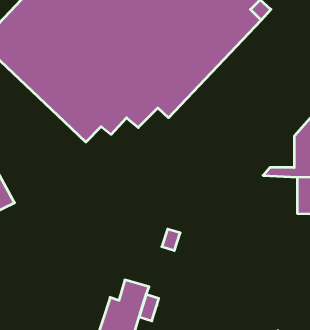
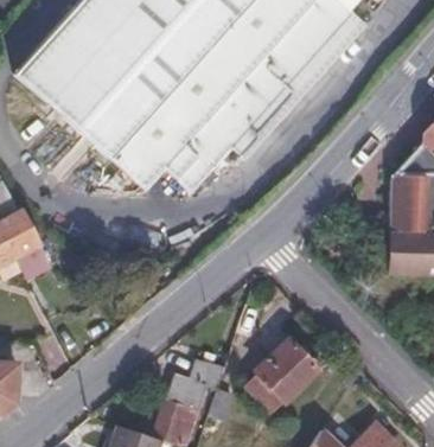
building: none -> [237,333,311,408]

